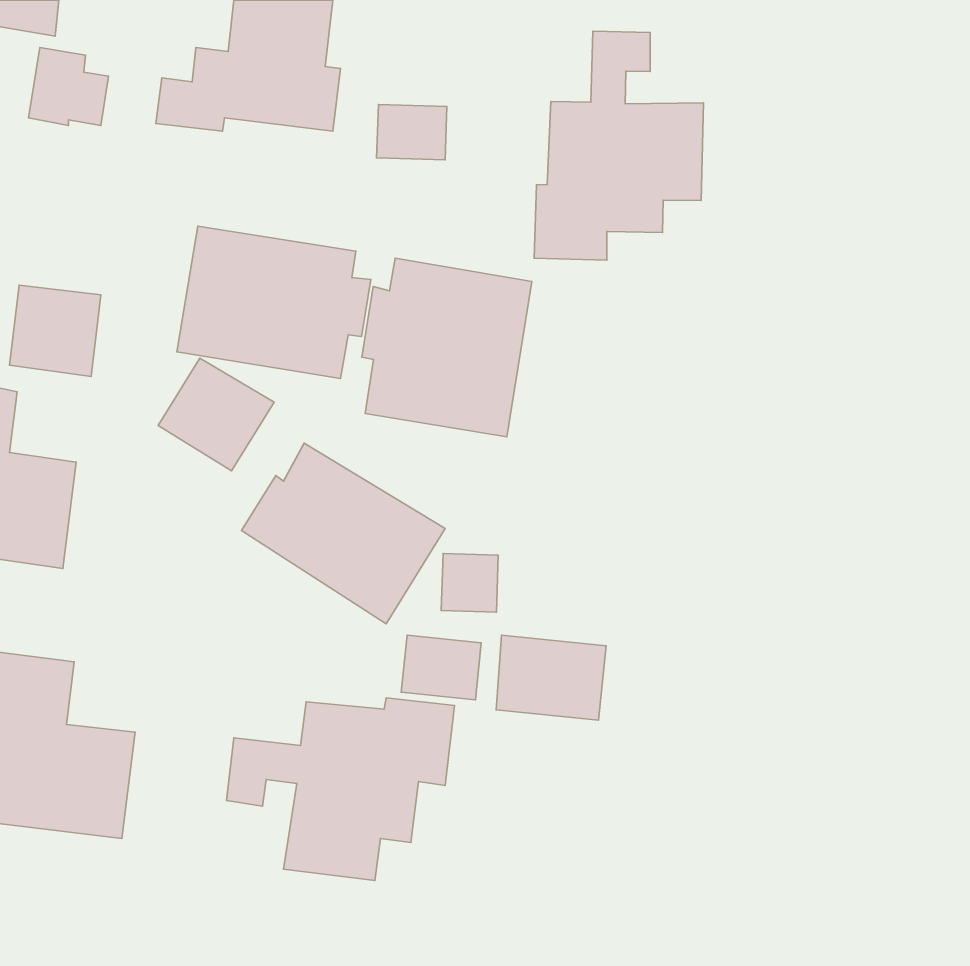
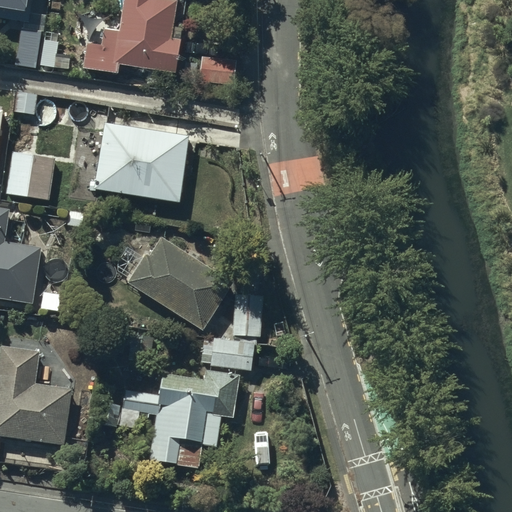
building: [534,31,703,260] -> none
building: [362,258,532,437] -> none
building: [158,358,274,471] -> none
building: [496,635,606,720] -> none

